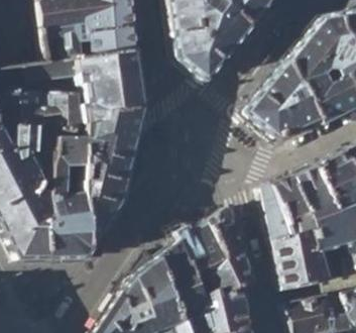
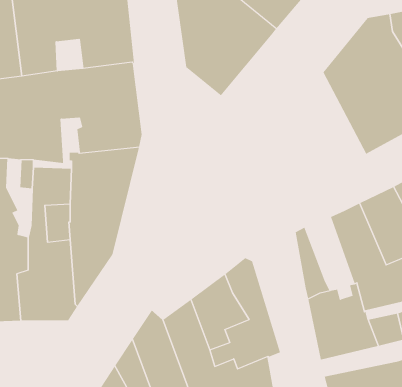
building: [244,60,321,138] -> none
building: [272,175,312,232] -> none

